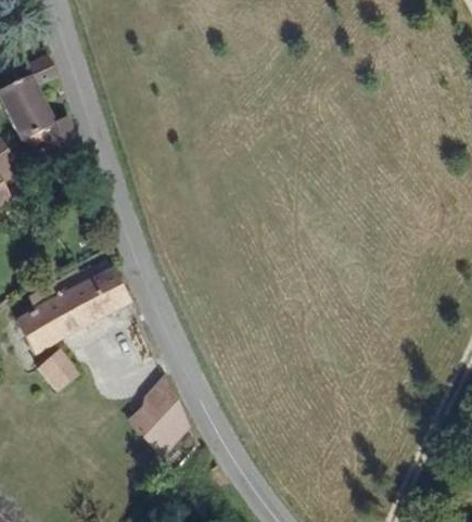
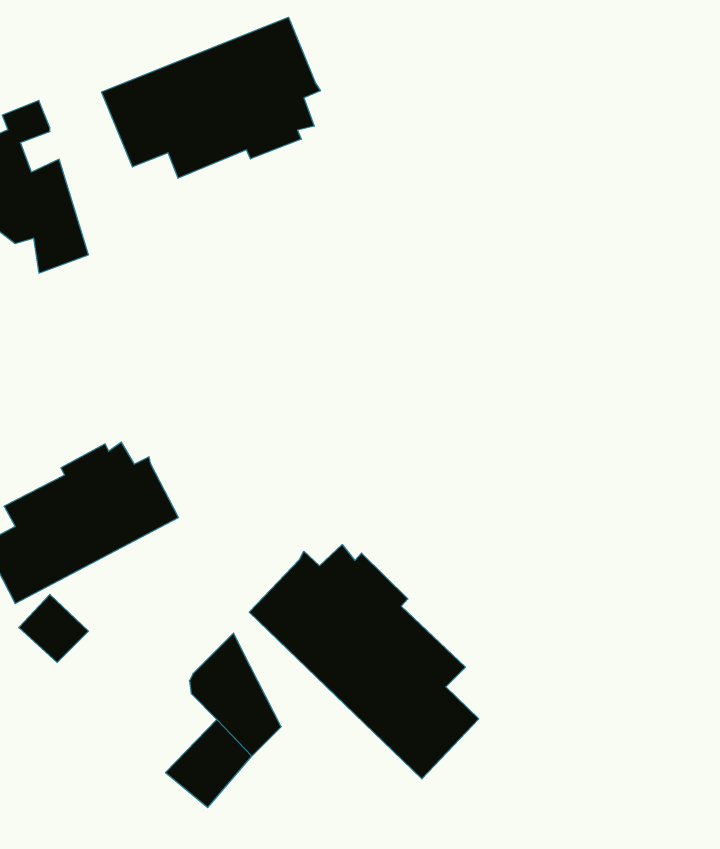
building: none -> [102,17,320,178]
building: none -> [249,545,479,779]

